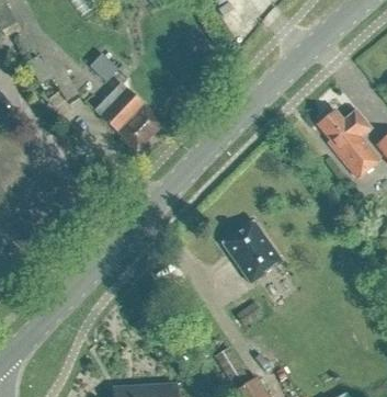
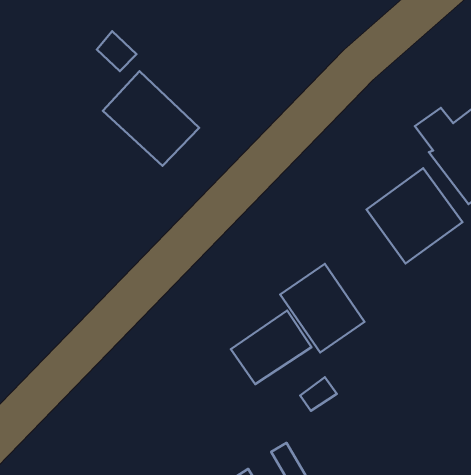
building: none -> [366,168,462,264]
building: none -> [231,311,311,384]

